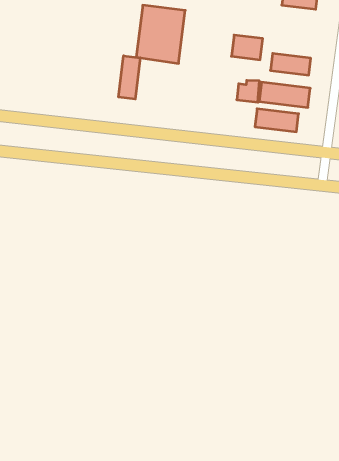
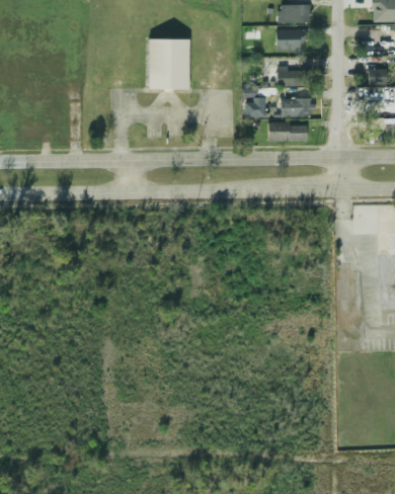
building: [231,35,263,60] -> [276,30,304,51]
building: [119,56,140,99] -> none

